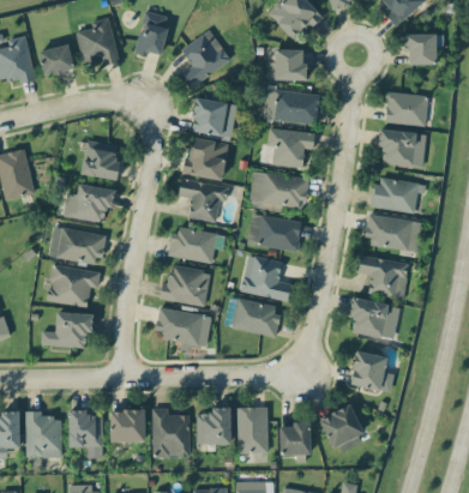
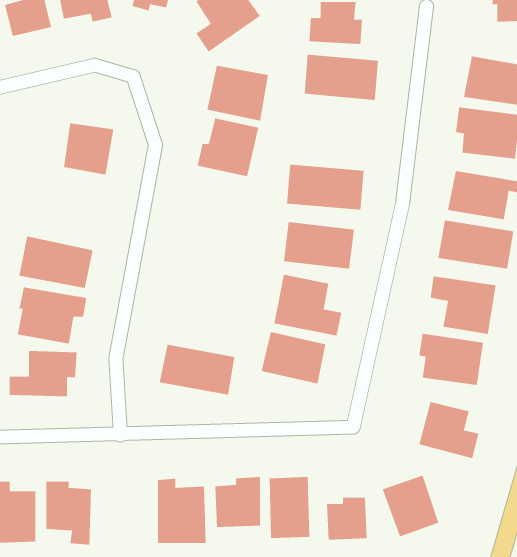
building: [266,128,314,167] -> none
building: [179,179,228,222] -> none
building: [62,184,114,222] -> none
building: [169,227,216,263] -> none
building: [160,265,210,306] -> none
building: [110,409,144,441] -> none

